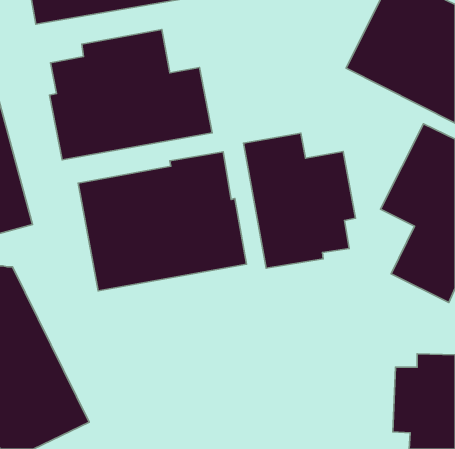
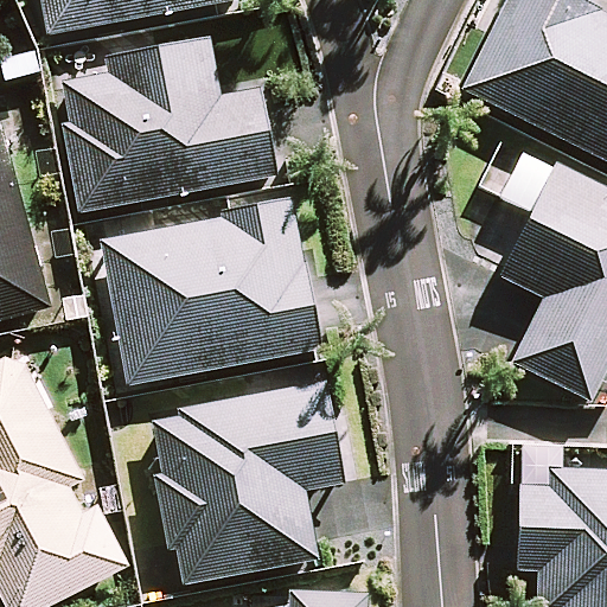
building: [243,133,355,268] -> none
building: none -> [155,382,346,583]

